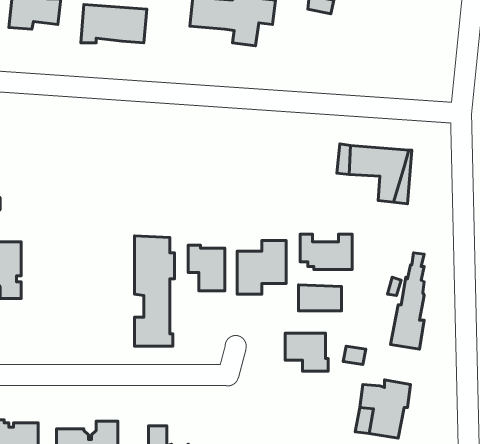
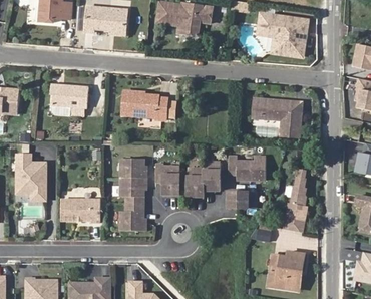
building: none -> [259,13,307,55]
building: none -> [48,83,85,115]
building: none -> [122,89,168,120]
building: none -> [60,199,100,223]
building: [285,333,328,371] -> none

